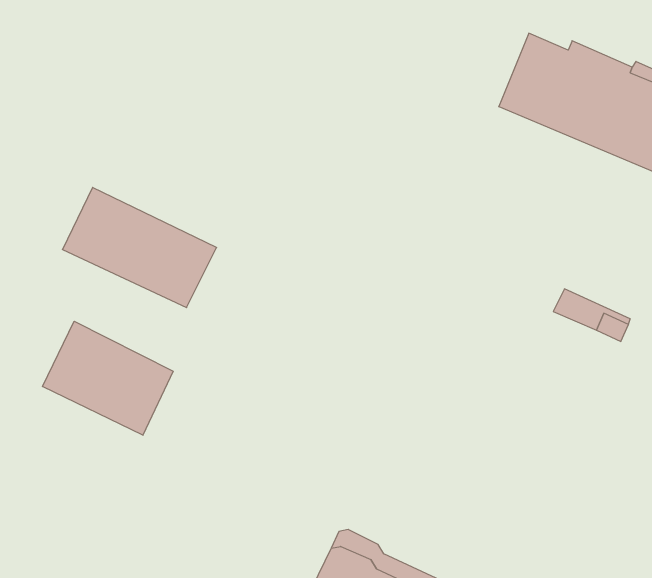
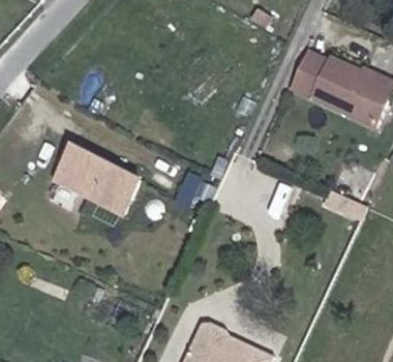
building: [43,321,173,435] -> none

